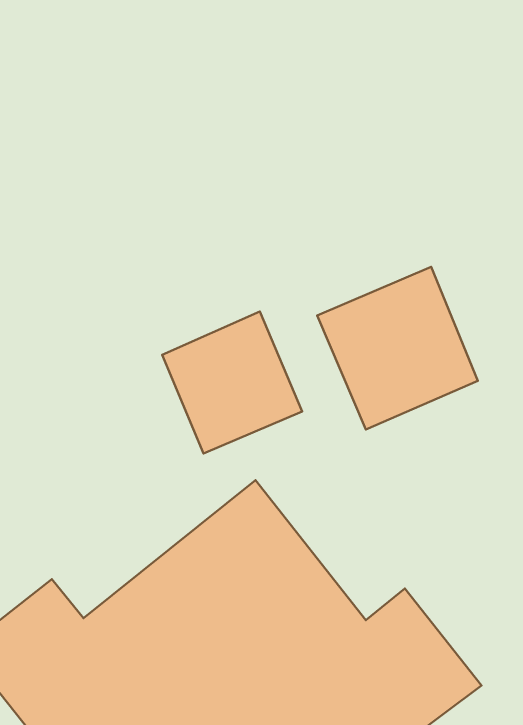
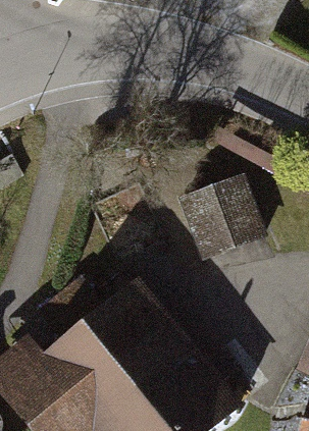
building: [162,312,302,454] -> none

